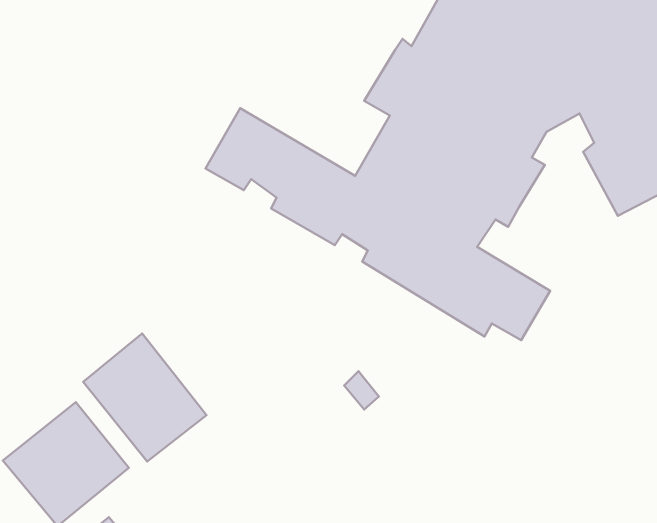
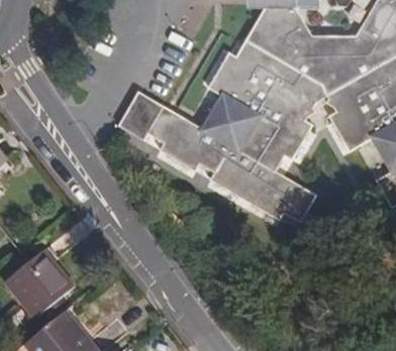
building: [83,334,206,462] -> none

